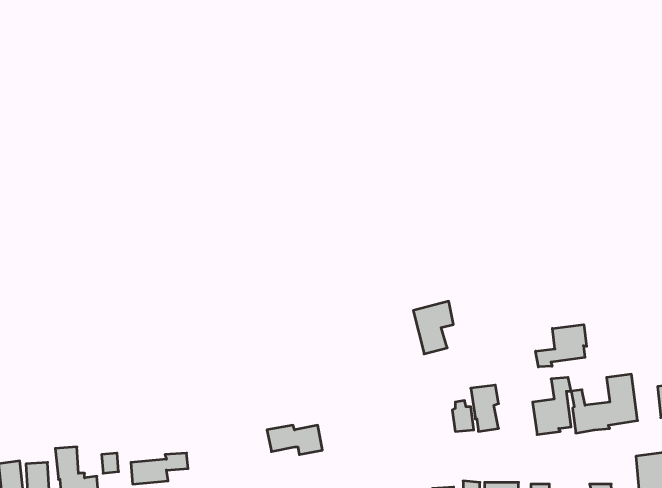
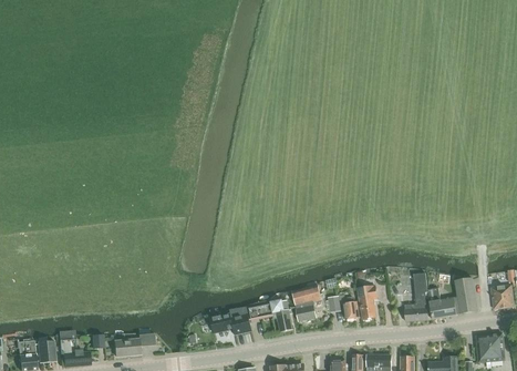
building: [413,301,453,354] -> [291,284,320,321]
building: [536,325,587,367] -> none
building: none -> [247,299,291,331]

